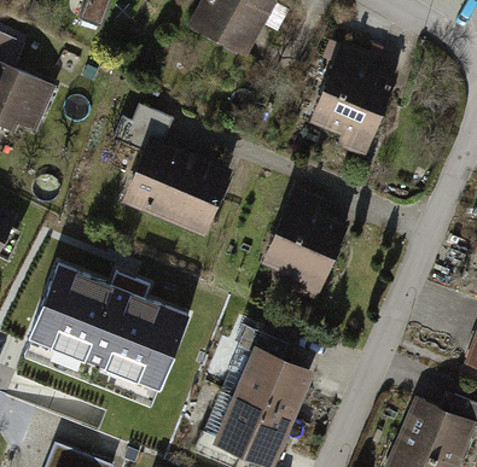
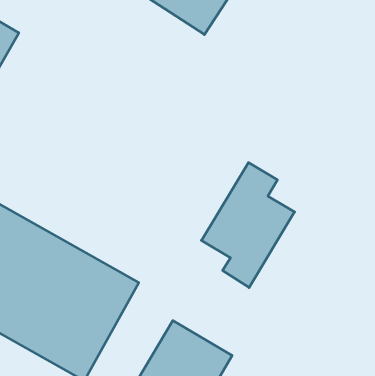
building: [299,41,389,156] -> none
building: [110,106,225,235] -> none

